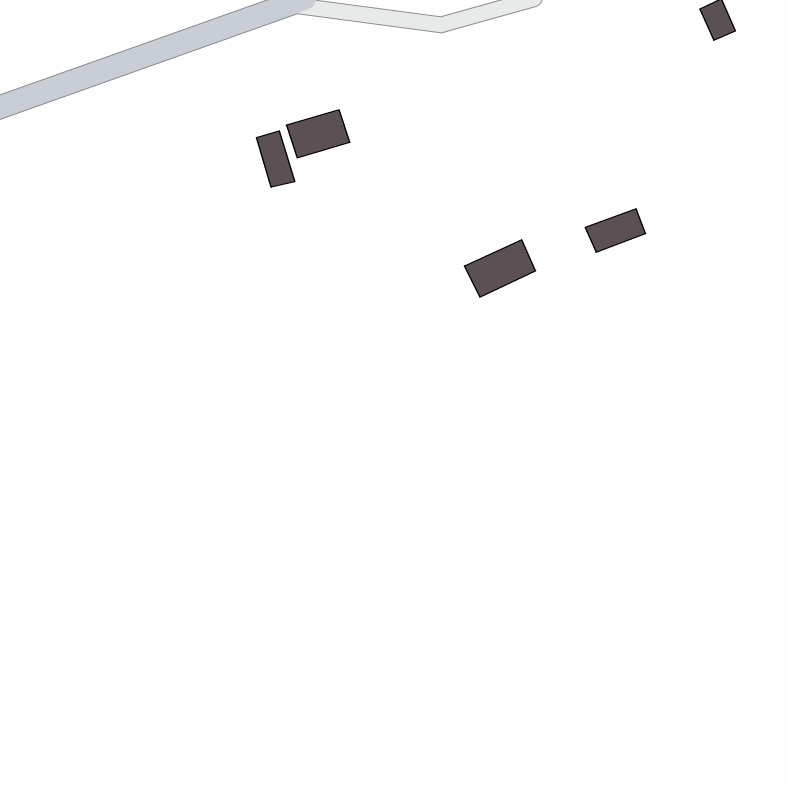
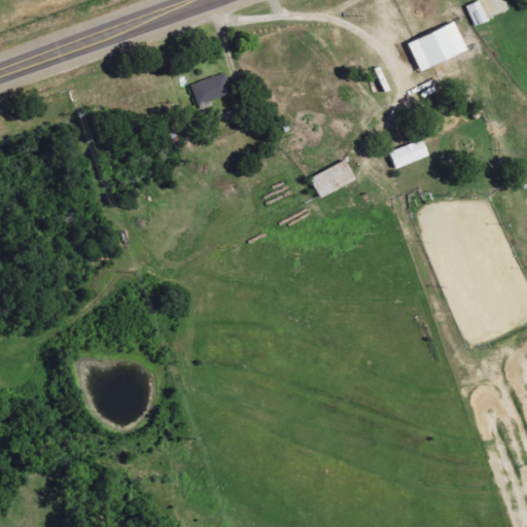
building: none -> [408,22,467,70]
building: [257,131,295,187] -> none

